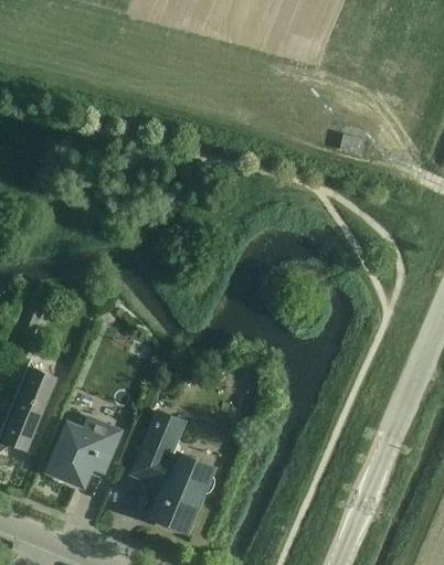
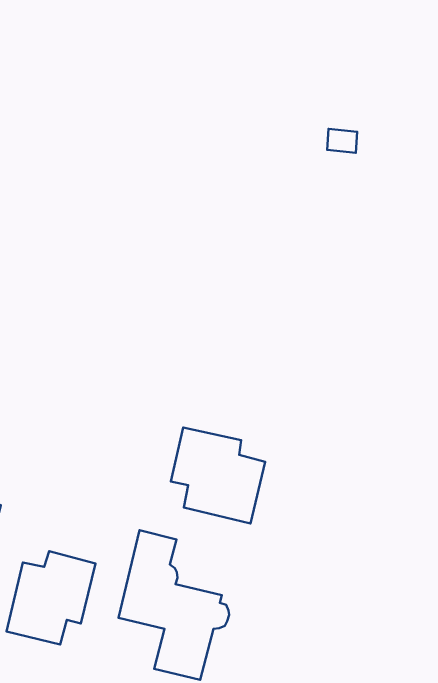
building: none -> [171,427,265,524]

